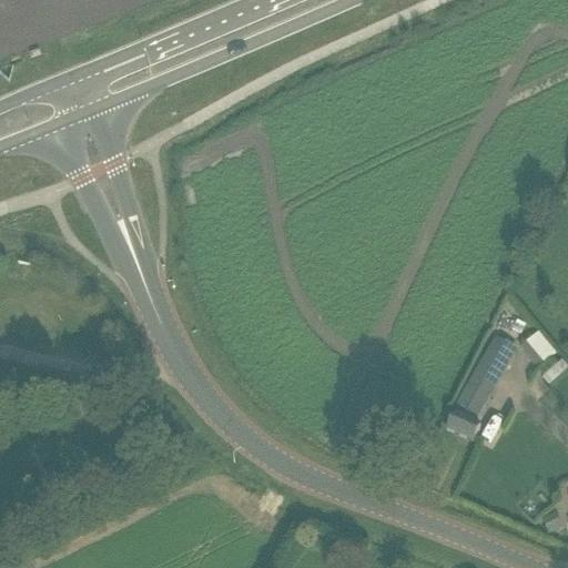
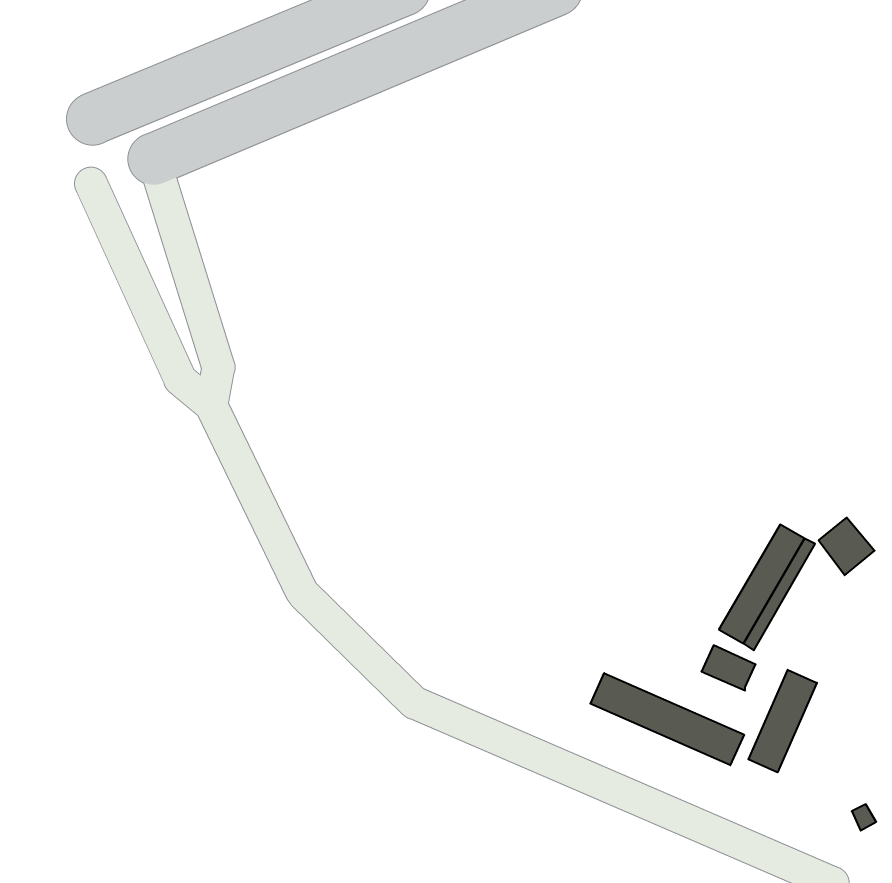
building: none -> [748,670,817,772]
building: none -> [590,673,744,765]

